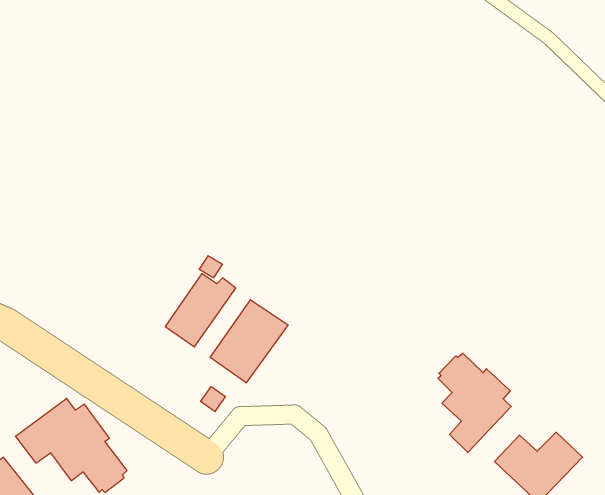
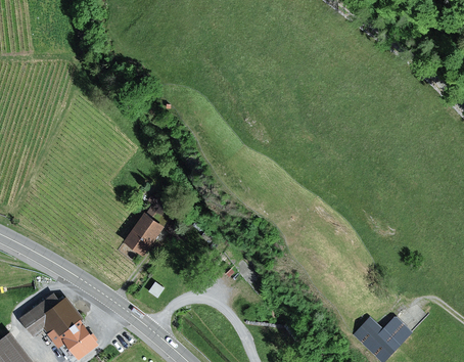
building: [210,300,288,383] -> none
building: [438,353,511,453] -> none

